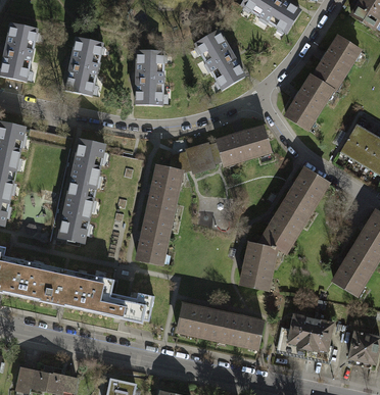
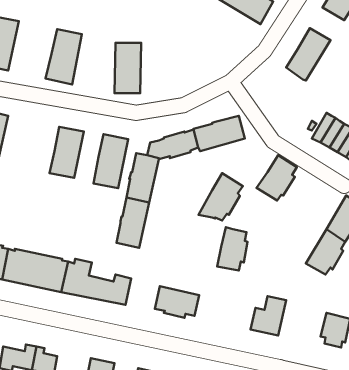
building: [196,30,245,90] -> none
building: [287,77,331,130] -> none
building: [58,187,94,243] -> [94,134,128,188]
building: [258,202,304,251] -> [198,173,243,221]
building: [219,313,264,345] -> none
building: [304,318,333,363] -> none

